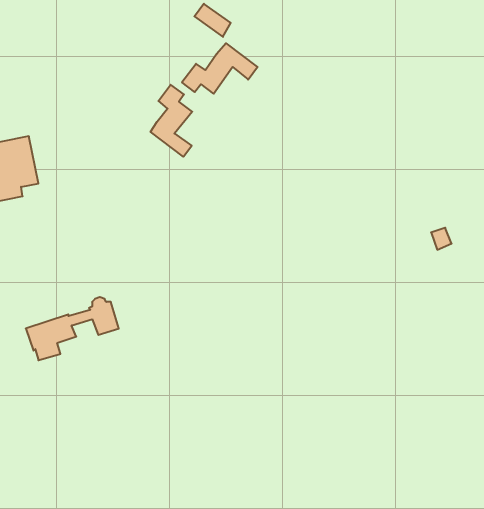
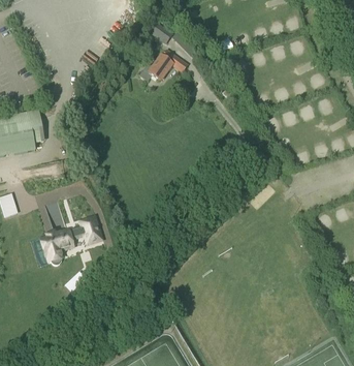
building: [151,85,192,157] -> none

